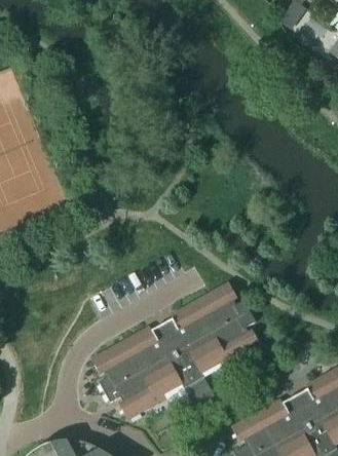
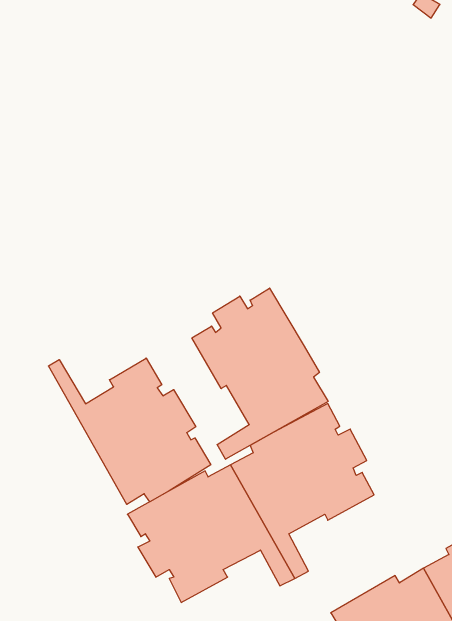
building: none -> [192,288,328,459]
building: none -> [48,358,211,504]

